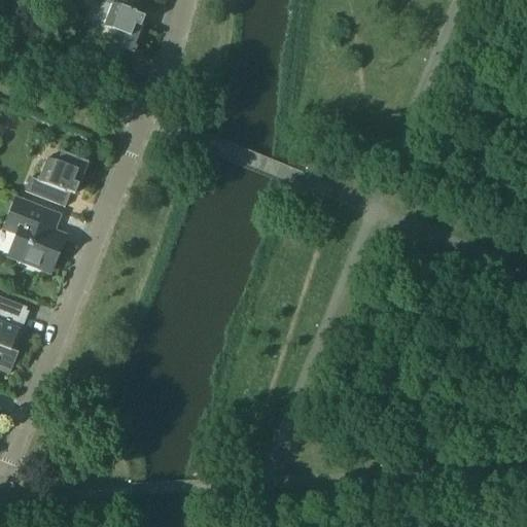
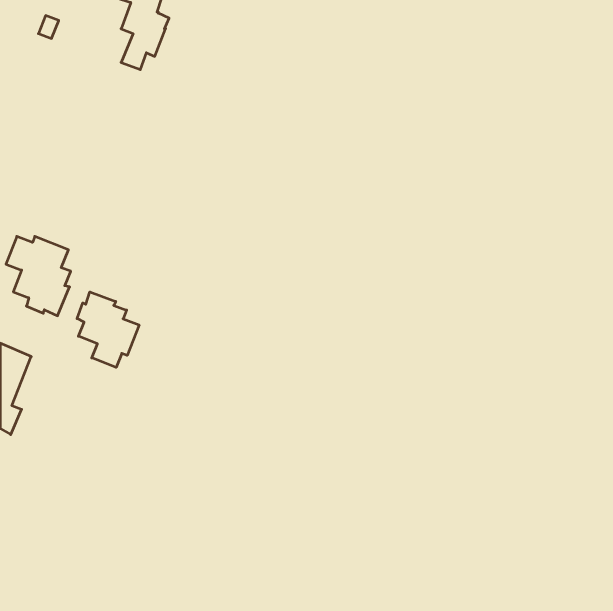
building: [25,150,89,206] -> none
building: none -> [77,292,139,367]

